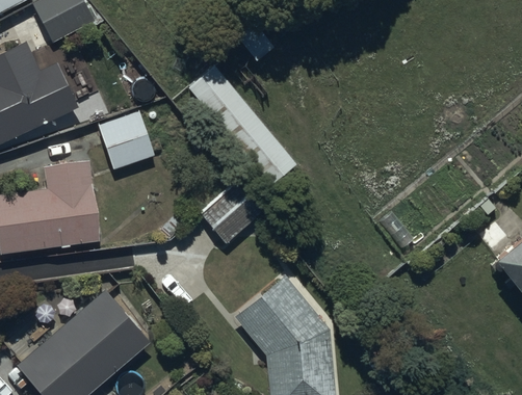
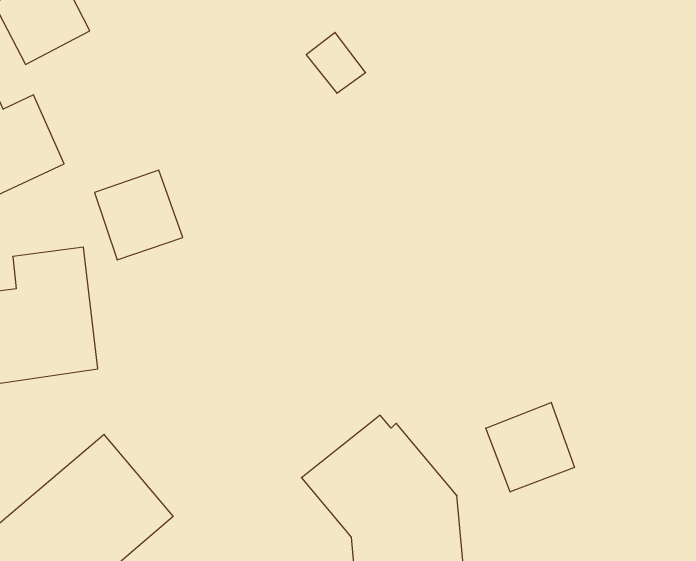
building: [192,72,298,192] -> none
building: [201,184,262,246] -> none
building: none -> [486,402,575,492]

